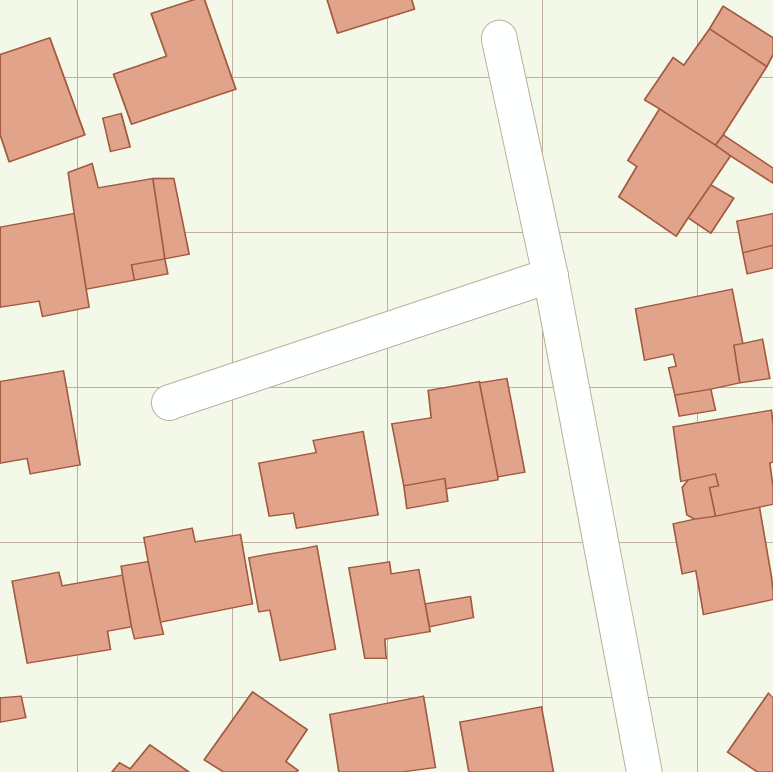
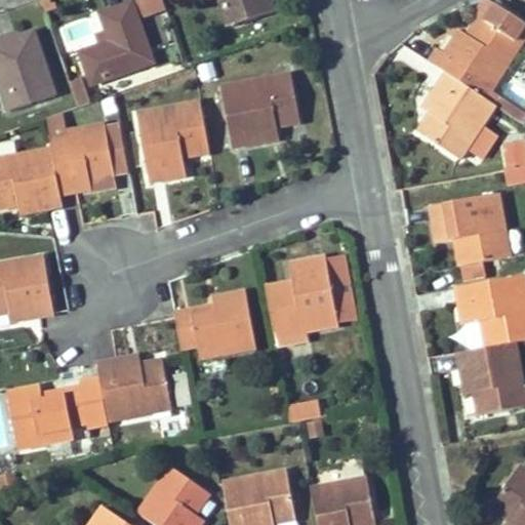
building: none -> [220,69,299,149]
building: none -> [136,99,210,183]
building: [249,546,335,660] -> none
building: [349,562,430,658] -> none

